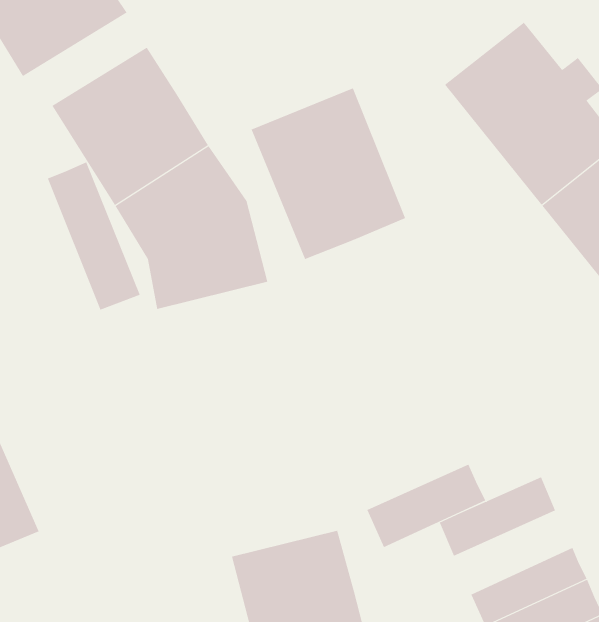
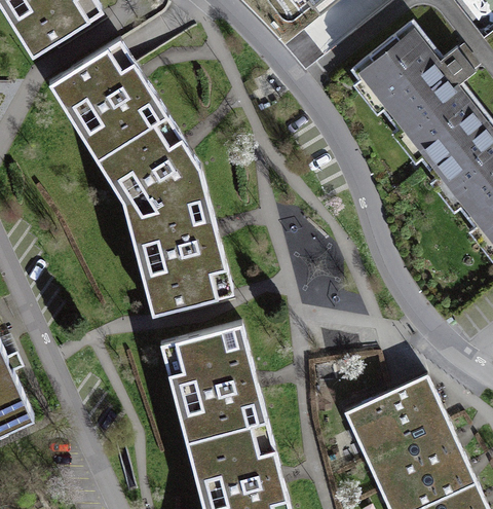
building: [251,88,406,260] -> none
building: [47,161,141,311] -> none
building: none -> [126,223,231,314]
building: none -> [160,321,268,438]
building: [366,464,486,548] -> [358,402,452,468]

